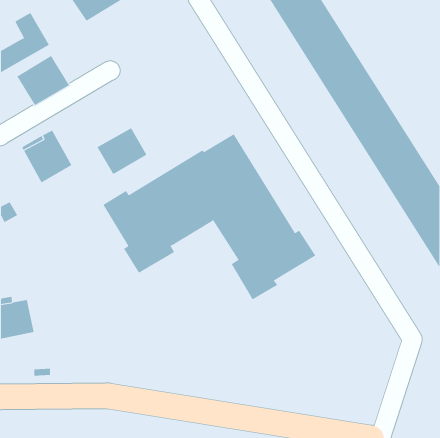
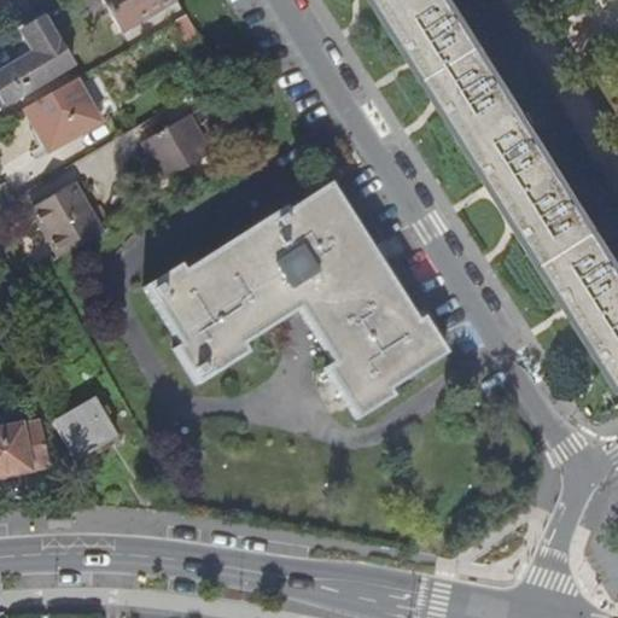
building: [96,127,147,175] -> [139,115,210,181]
building: none -> [53,398,115,457]

